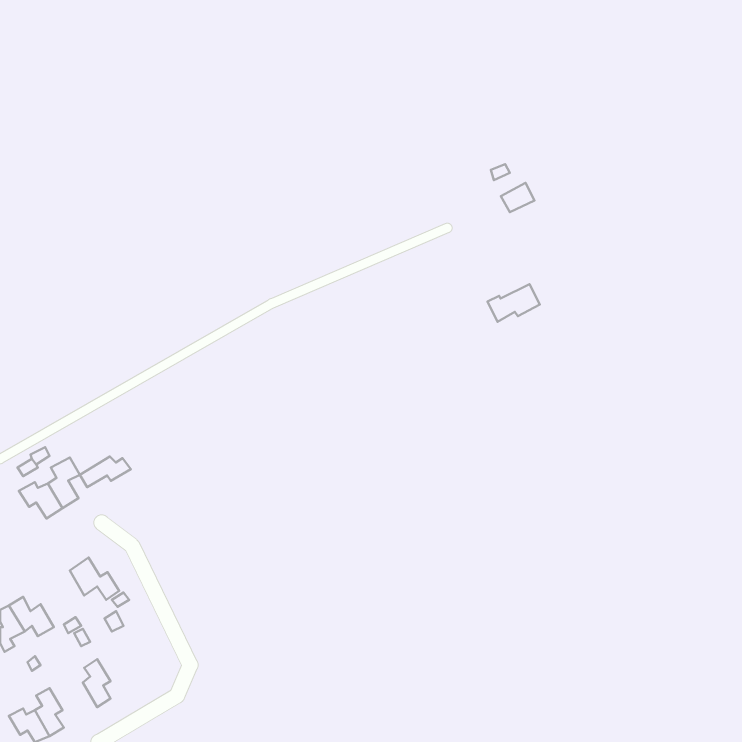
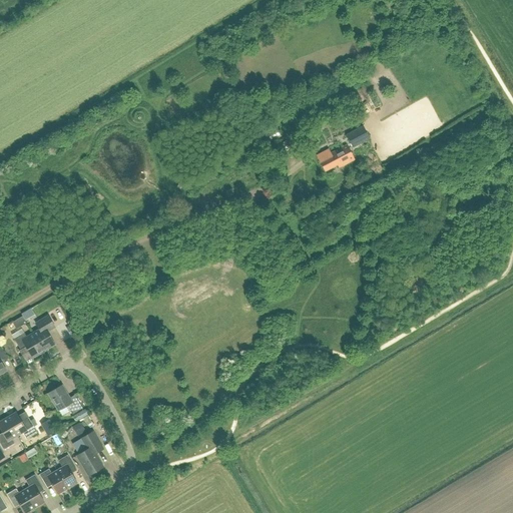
building: [487,284,540,322] -> [318,145,354,171]
building: [80,456,131,487] -> none
building: none -> [76,431,103,476]
building: none -> [39,469,67,494]

